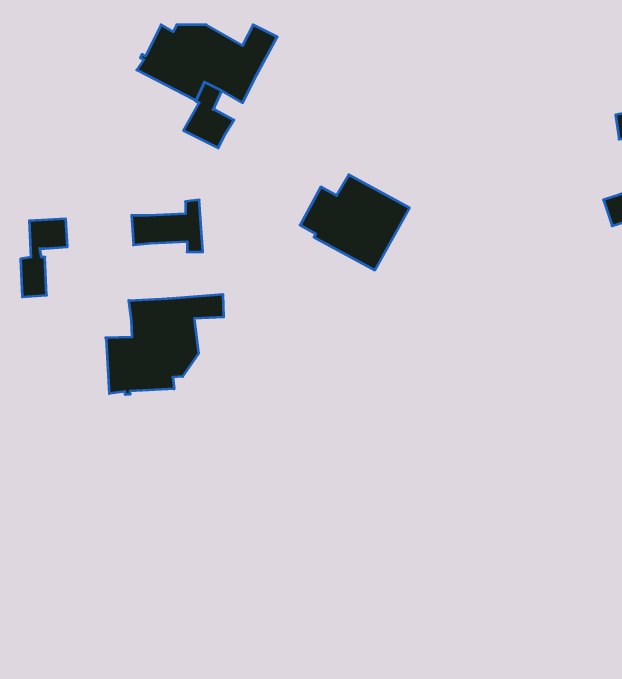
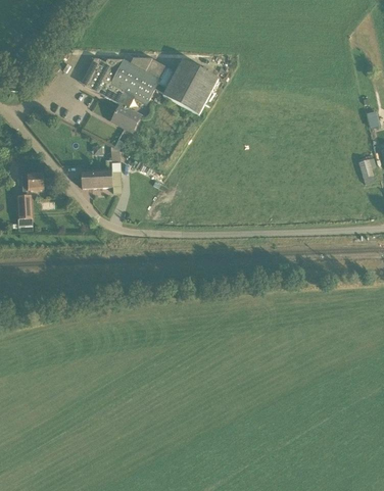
building: [300,175,409,270] -> [154,58,219,114]
building: [106,294,224,395] -> none

